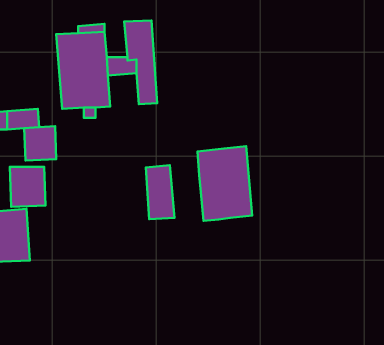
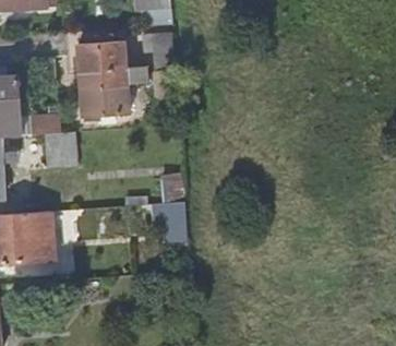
building: [198,146,252,221] -> none
building: [10,167,46,207] -> none

